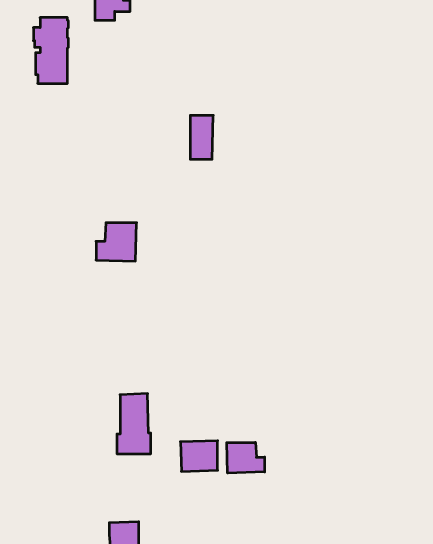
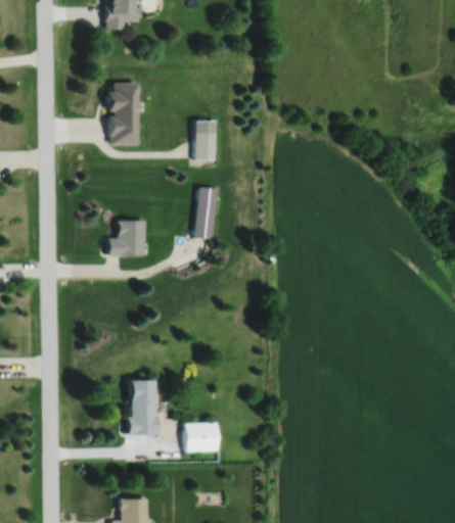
building: [33,18,68,83] -> [106,84,139,145]
building: none -> [194,185,218,238]
building: [227,442,265,473] -> none

